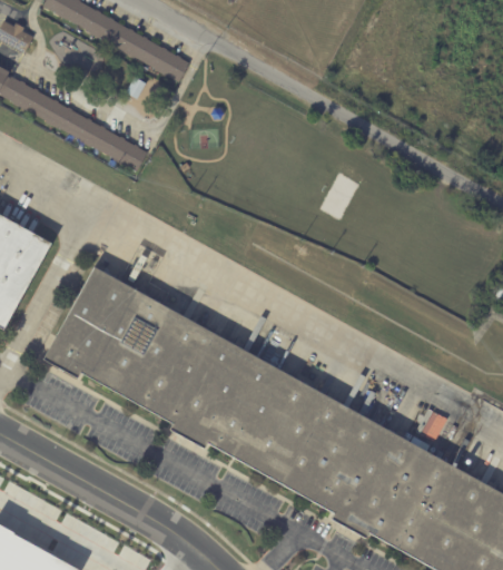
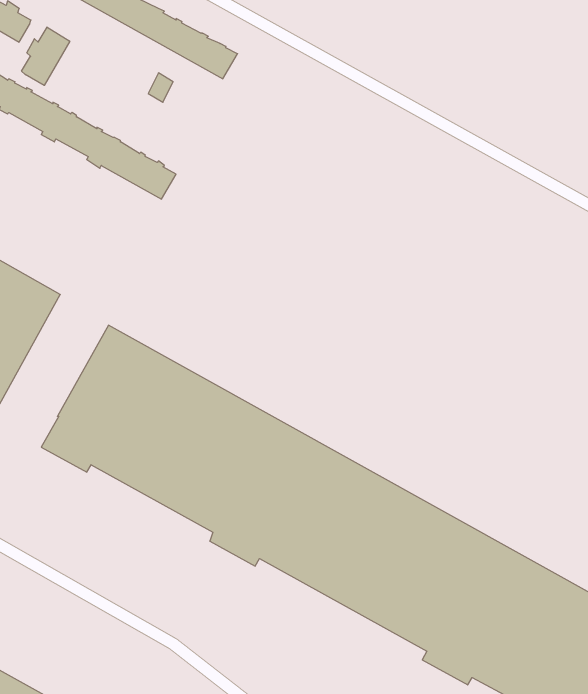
building: none -> [22,27,70,85]

